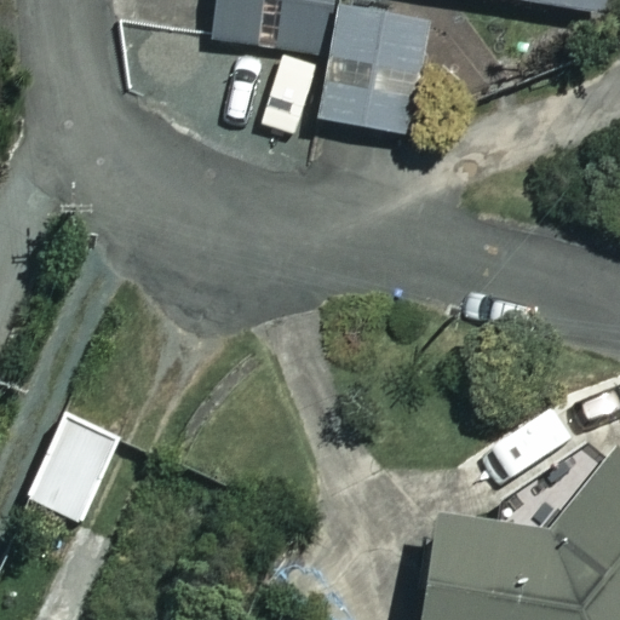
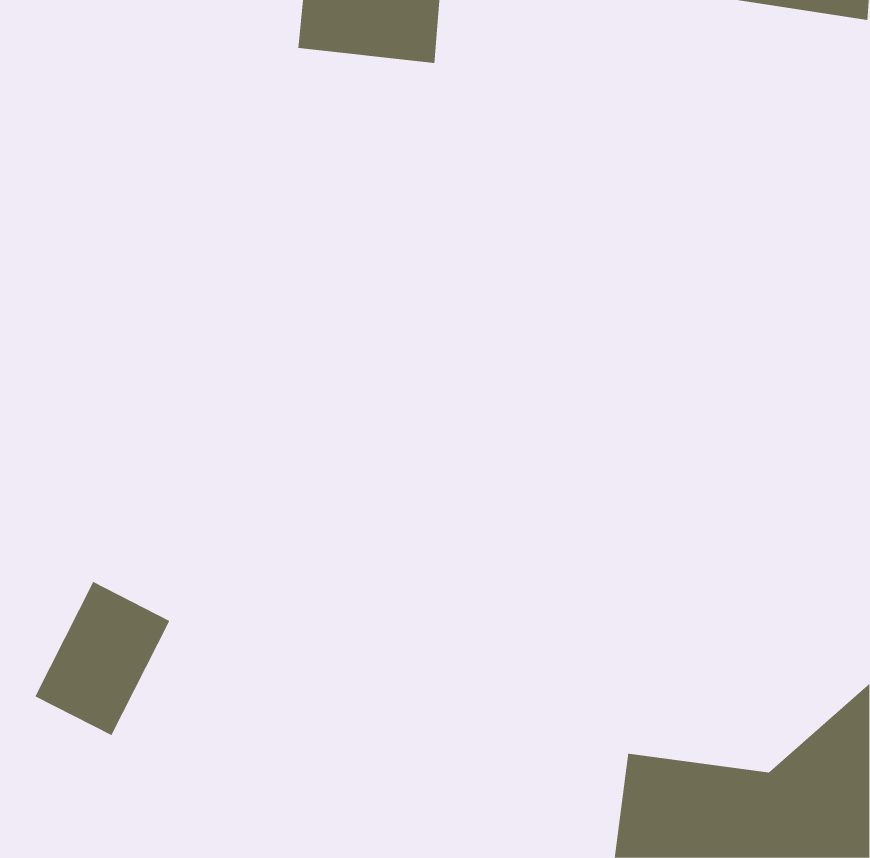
building: [318,8,427,136] -> none

